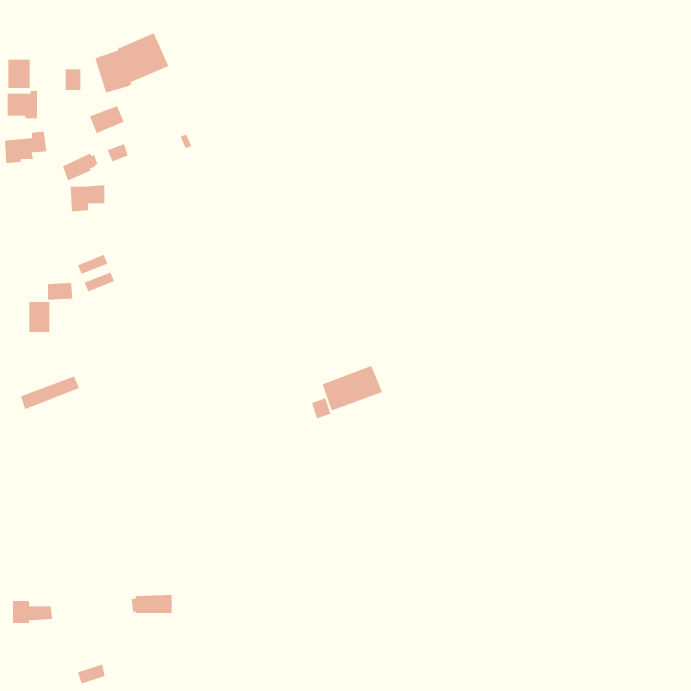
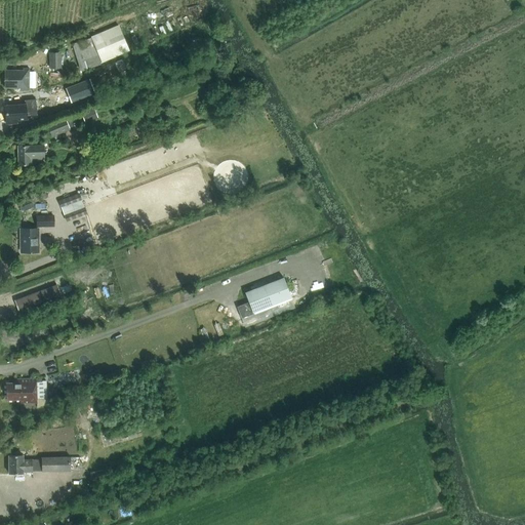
building: [8,59,30,89] -> none
building: [70,185,105,212] -> [17,145,44,165]
building: none -> [6,378,44,405]
building: [131,594,173,613] -> [39,456,71,471]

